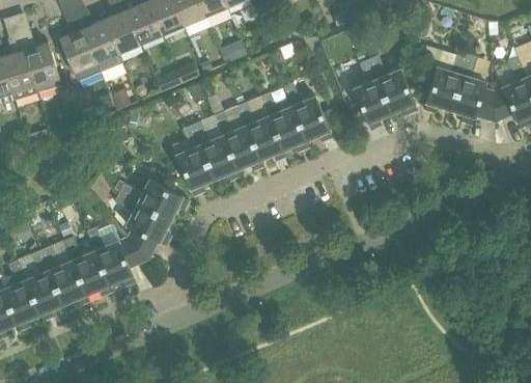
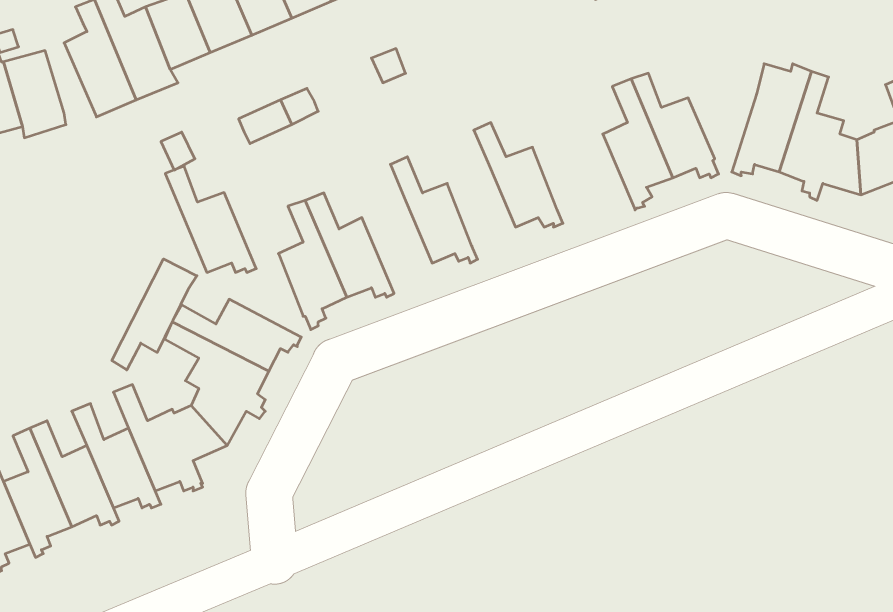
building: [260,92,309,151] -> none
building: [214,111,263,169] -> [165,166,256,272]
building: none -> [112,259,197,370]

